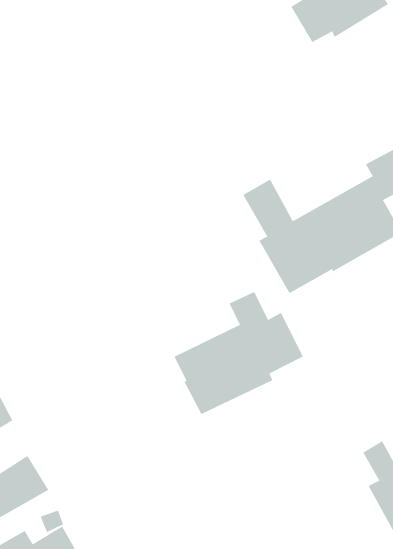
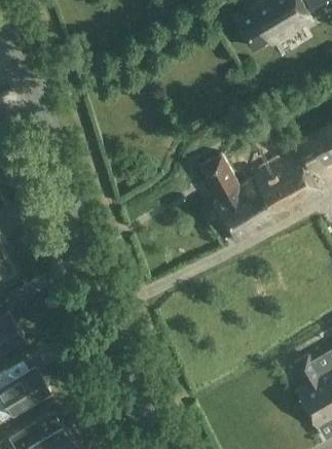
building: [174,291,303,415] -> none

